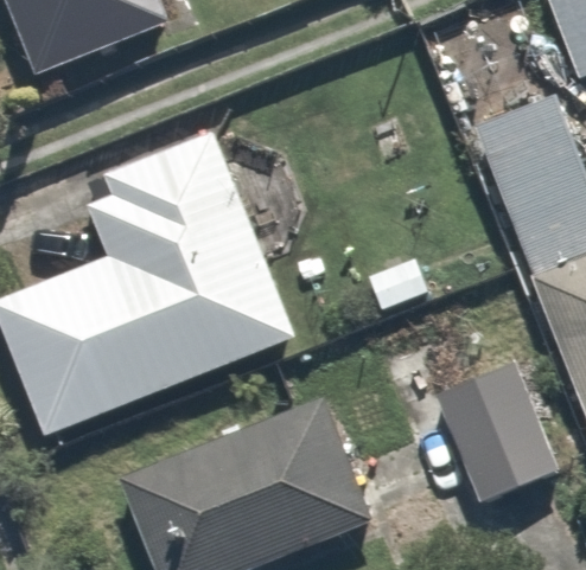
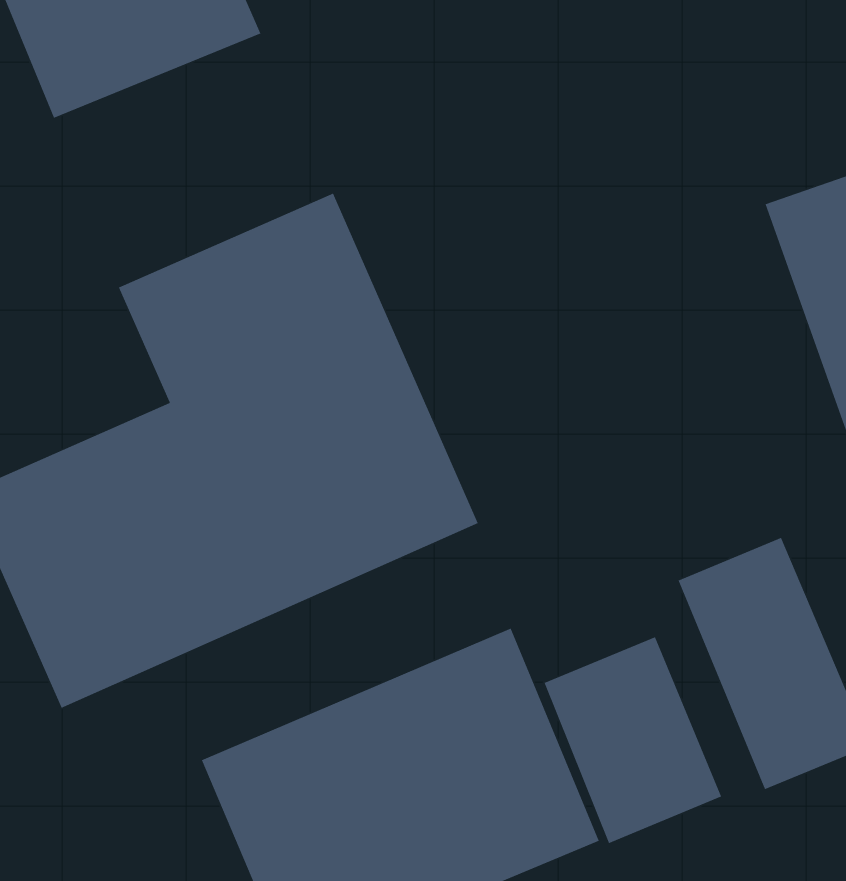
building: none -> [543,636,722,844]

